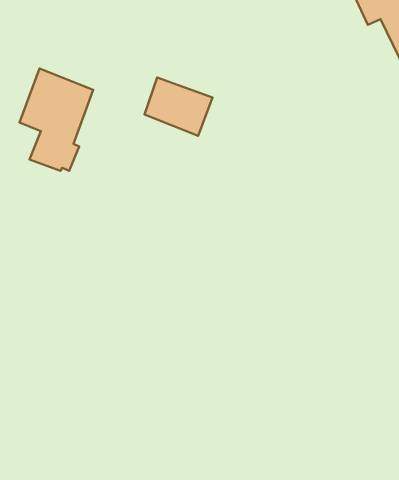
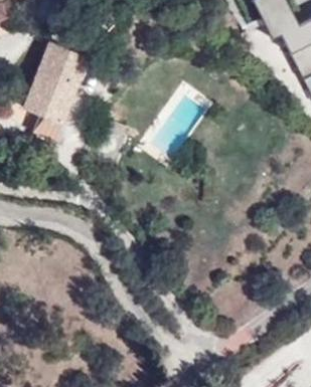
building: [144,78,212,136] -> [38,44,87,85]

